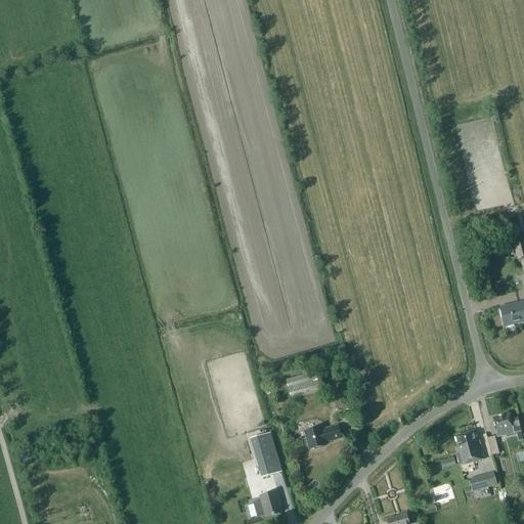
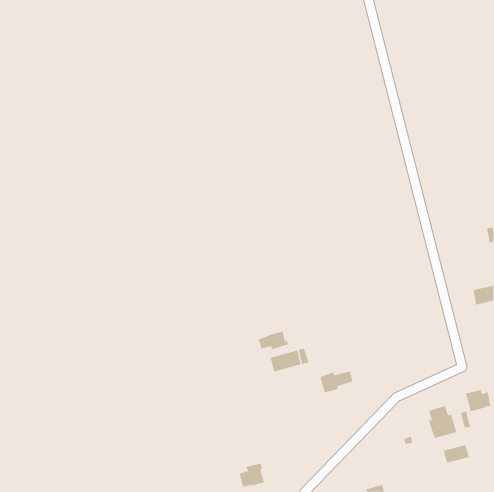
building: none -> [258,331,289,350]
building: [304,425,340,448] -> [319,371,353,393]
building: [250,431,282,476] -> none

